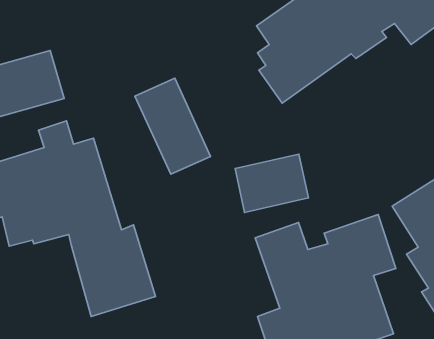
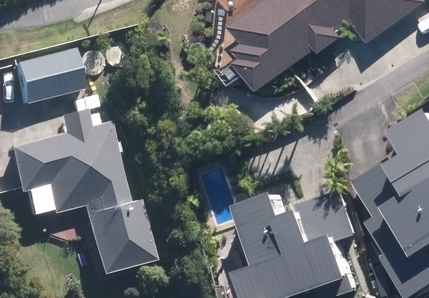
building: [135,78,211,174] -> none
building: [235,154,308,212] -> none

